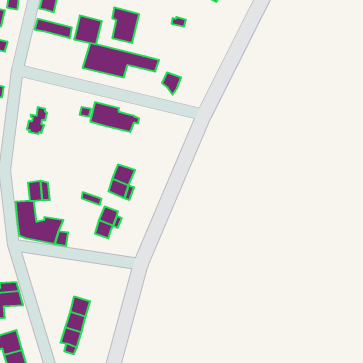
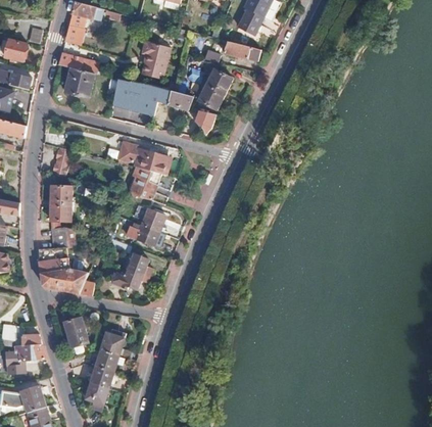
building: none -> [223,41,259,60]
building: [74,15,102,44] -> [63,66,93,97]
building: none -> [198,69,231,109]
building: none -> [129,168,160,199]
building: none -> [50,185,70,220]
building: none -> [64,317,89,345]
building: none -> [100,328,125,354]

